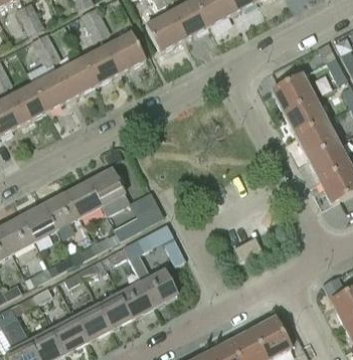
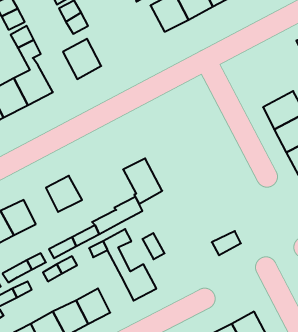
building: [146,11,185,50] -> none
building: [108,31,147,71] -> none
building: [58,57,98,98] -> none
building: [272,62,314,113] -> none
building: [90,170,129,215] -> [123,158,162,204]
building: [44,193,78,229] -> none
building: [119,282,154,318] -> none

